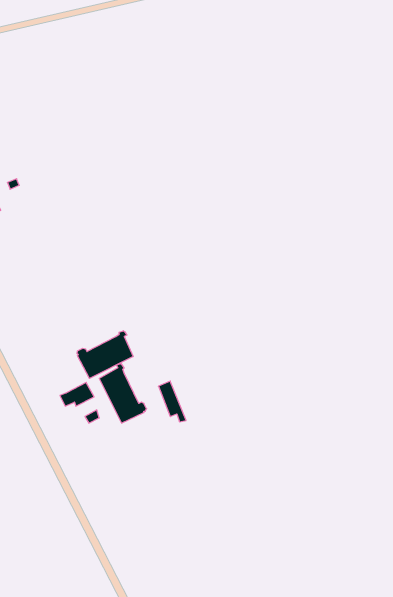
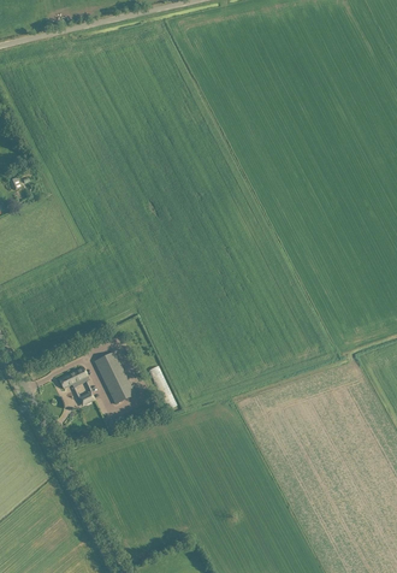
building: [77,331,133,378] -> none

